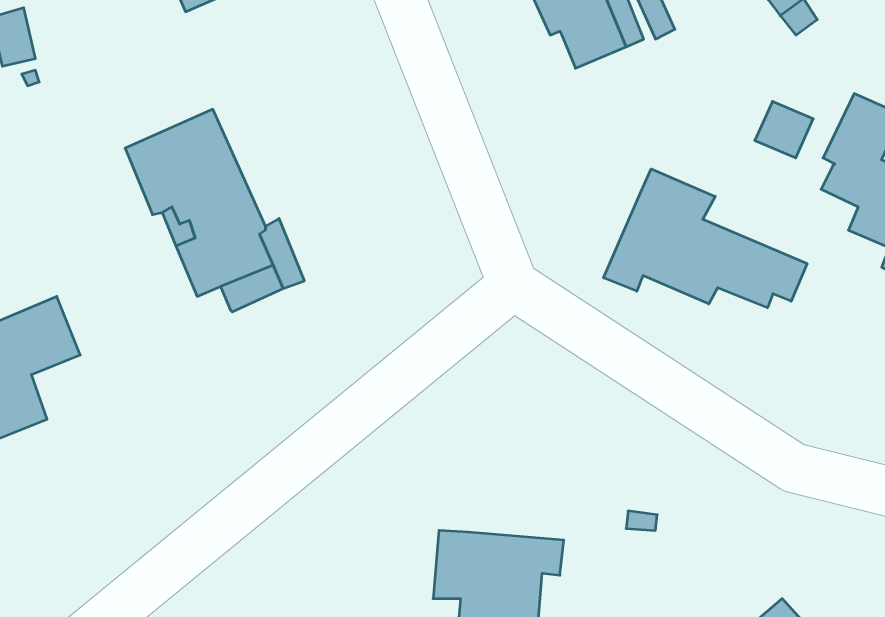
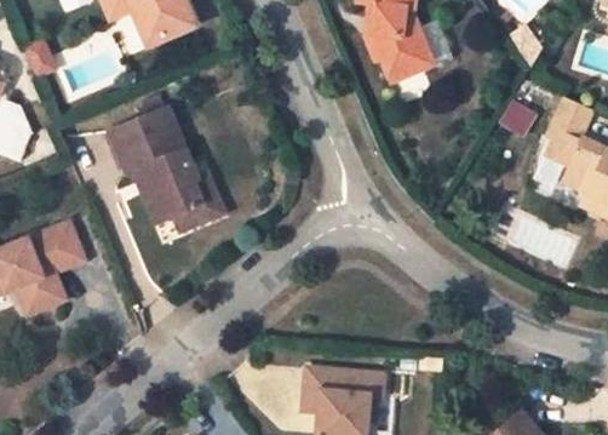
building: [604,169,807,308] -> none

